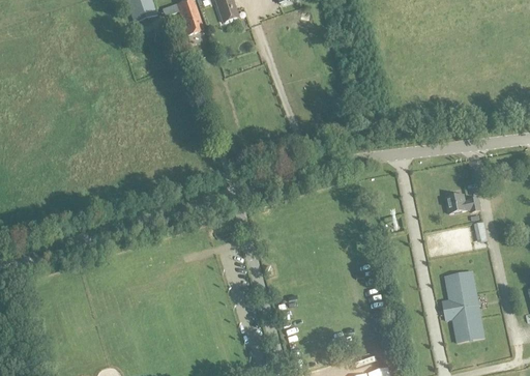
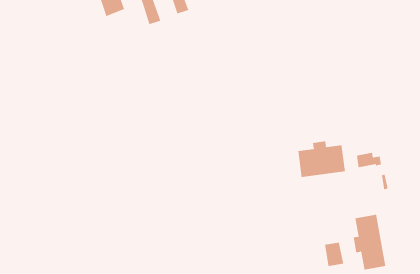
building: none -> [298,140,345,178]
building: none -> [324,242,344,267]

